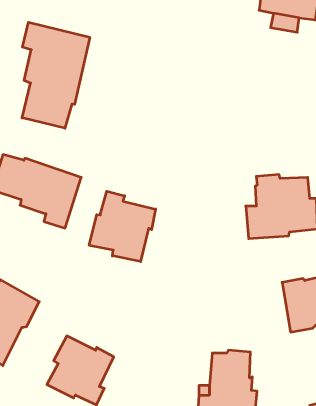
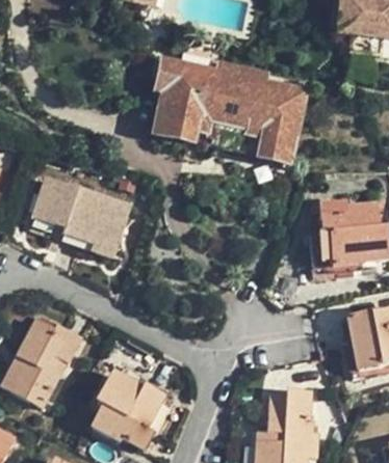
building: [22,22,90,128] -> none
building: none -> [156,61,300,157]
building: [89,191,156,262] -> none

